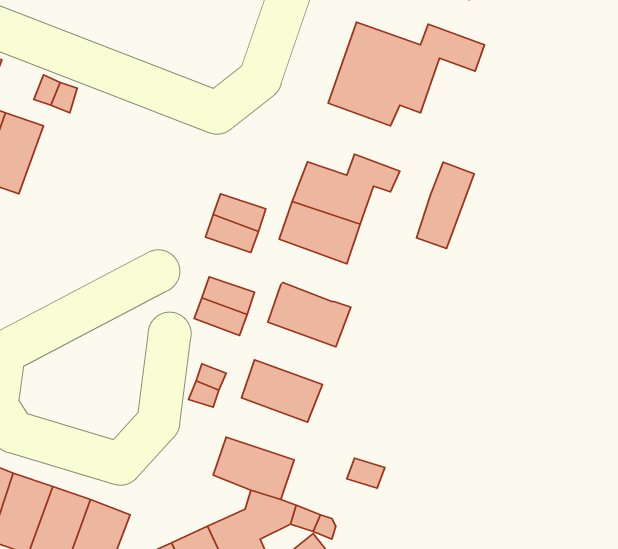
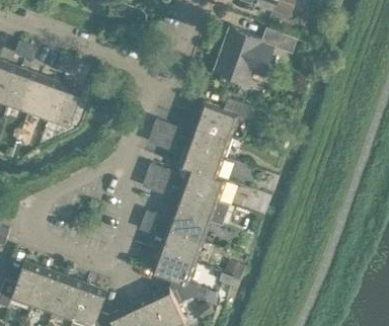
building: none -> [47,83,81,128]
building: [416,162,474,248] -> none
building: none -> [178,144,223,177]
building: none -> [173,188,228,226]
building: none -> [158,229,202,262]

